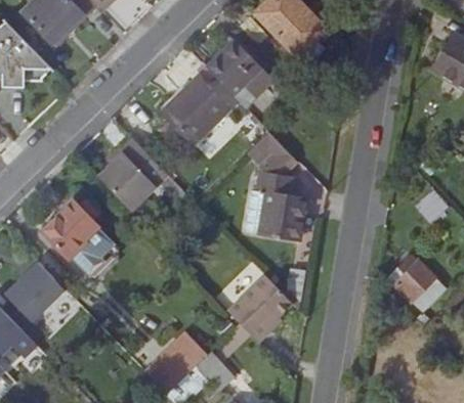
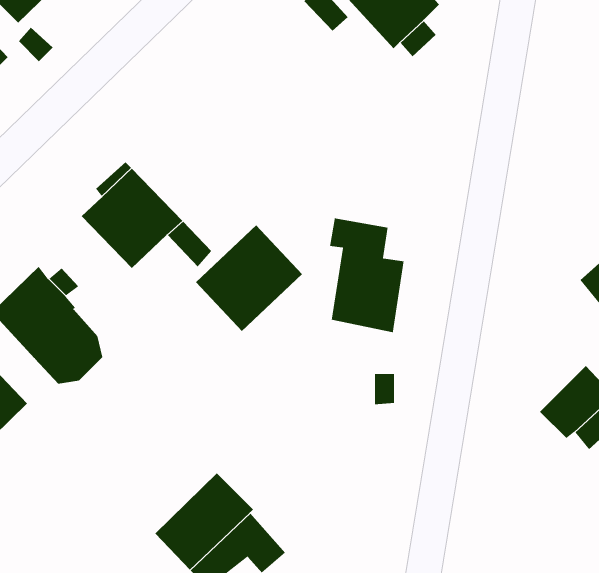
building: [210,44,275,109] -> none
building: [162,77,230,145] -> [195,224,303,332]
building: [247,131,294,169] -> none
building: [226,273,290,340] -> none

